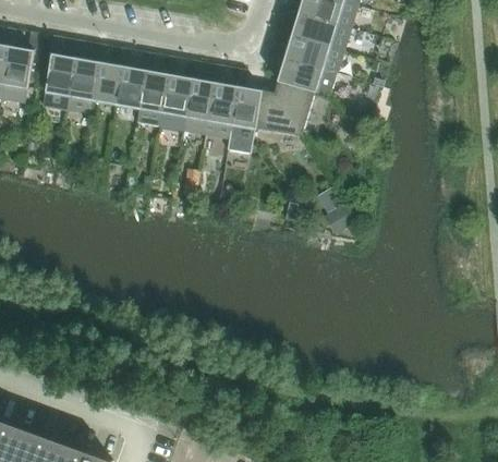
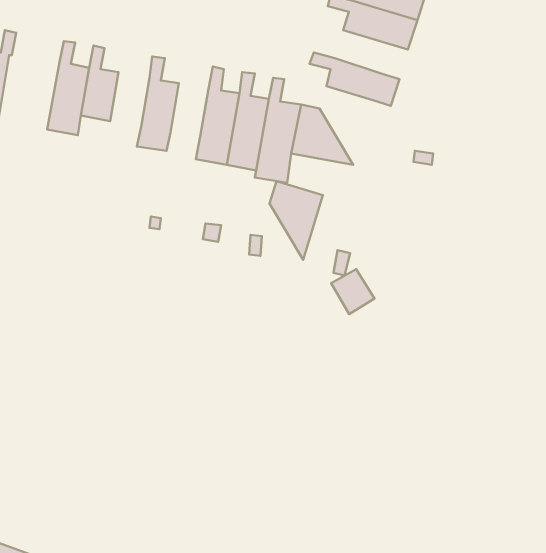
building: [272,26,342,70] -> none
building: [41,36,72,109] -> none
building: [111,48,142,107] -> none
building: [158,57,187,114] -> none
building: [274,75,315,136] -> [270,181,323,260]
building: [321,200,355,235] -> [331,269,375,314]

